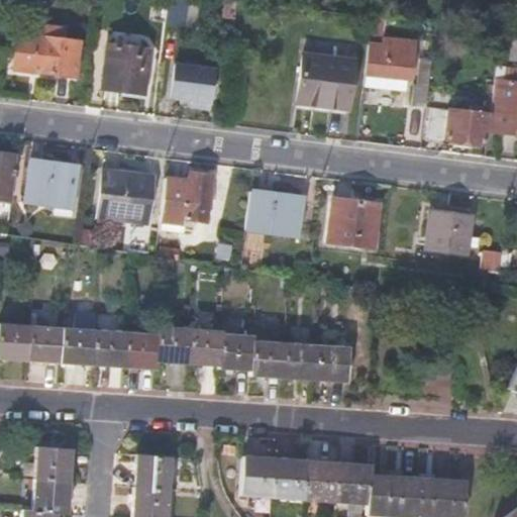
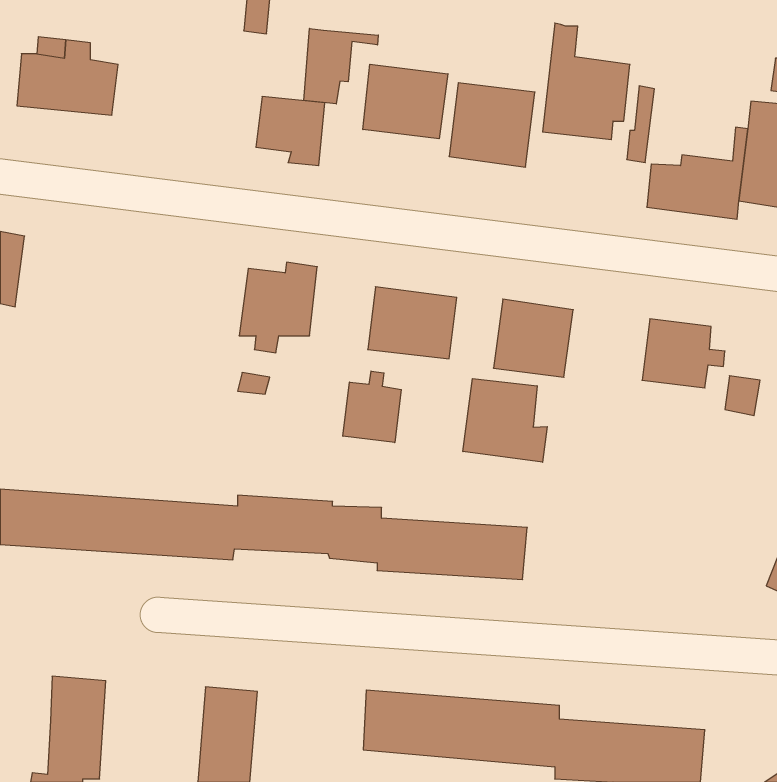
building: none -> [304,28,378,104]
building: none -> [363,64,448,139]
building: [104,44,150,92] -> none
building: [26,160,80,217] -> none
building: [98,170,157,222] -> none
building: none -> [343,371,401,443]
building: none -> [463,379,547,462]

